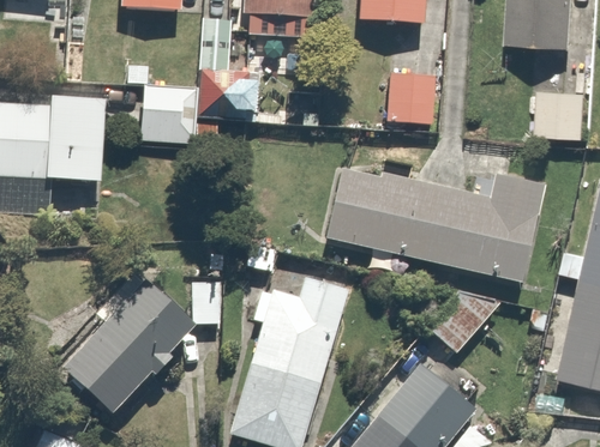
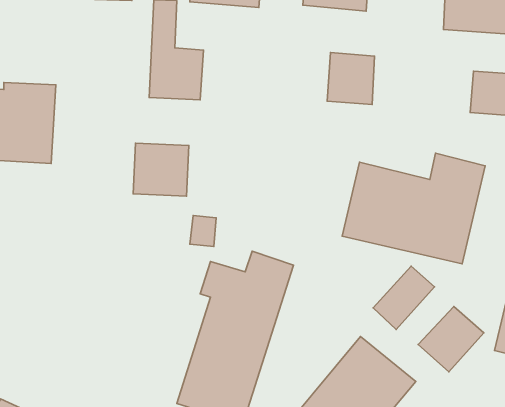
building: [139,84,197,139] -> [133,143,189,196]
building: [323,164,419,258] -> none
building: [61,265,193,410] -> none
building: none -> [418,306,484,372]

